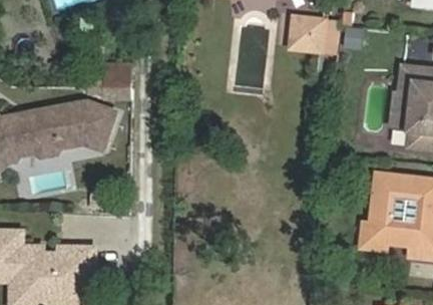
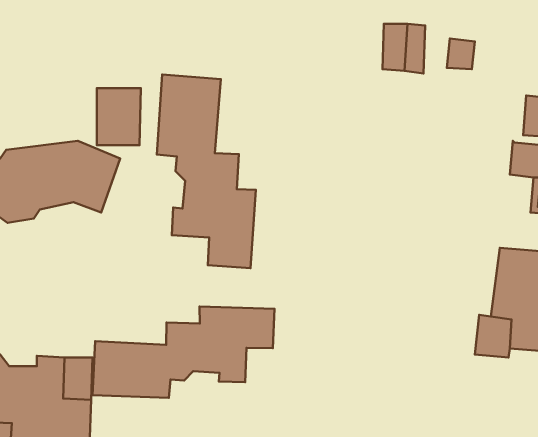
building: none -> [157,75,256,268]
building: none -> [93,306,275,398]

